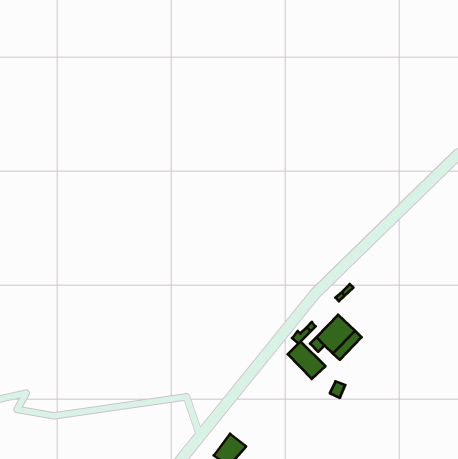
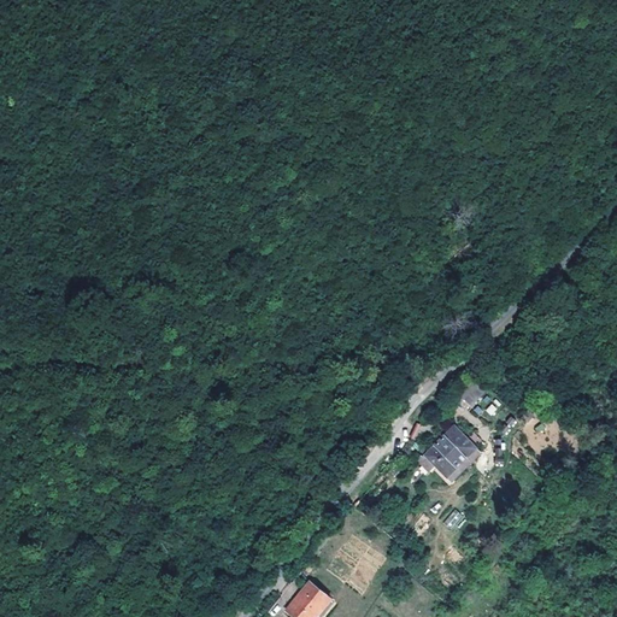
building: [288,341,325,379] -> none

